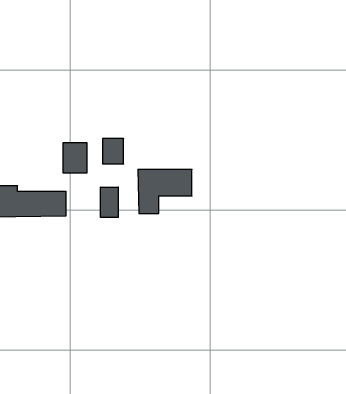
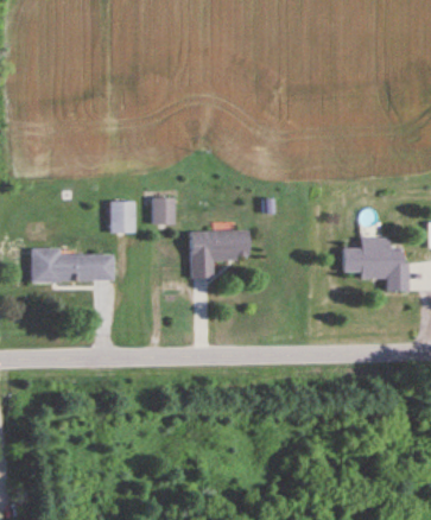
building: none -> [343,236,407,290]
building: [101,187,118,217] -> none

